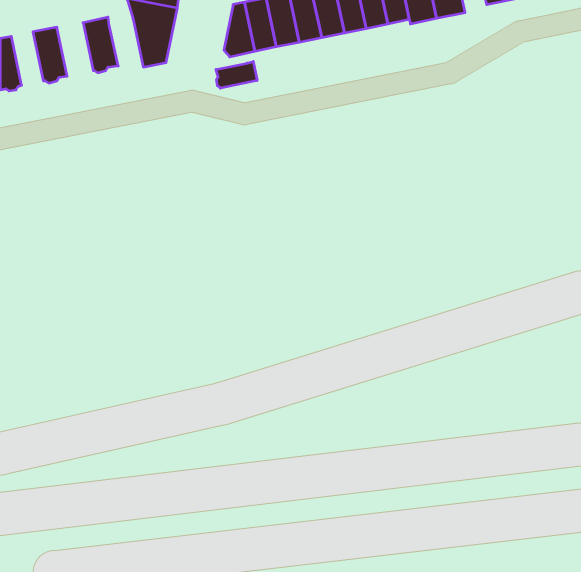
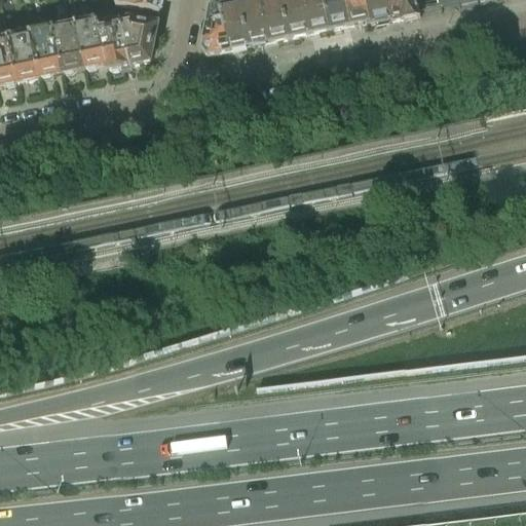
building: none -> [99,17,129,67]
building: none -> [51,21,84,70]
building: none -> [10,29,39,77]
building: [216,61,257,88] -> none

